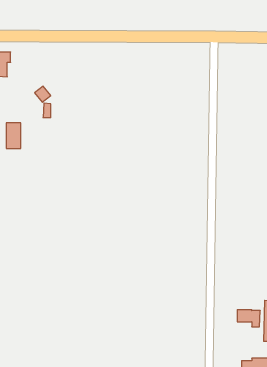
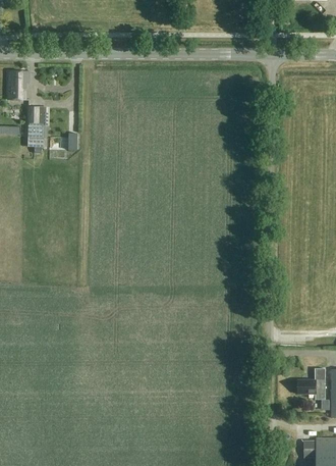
building: [6,123,21,148] -> [27,106,45,137]

